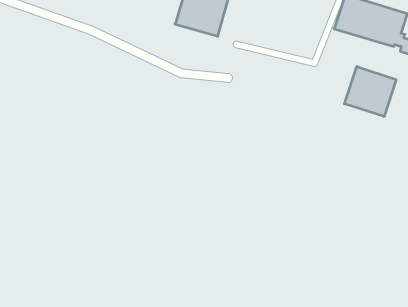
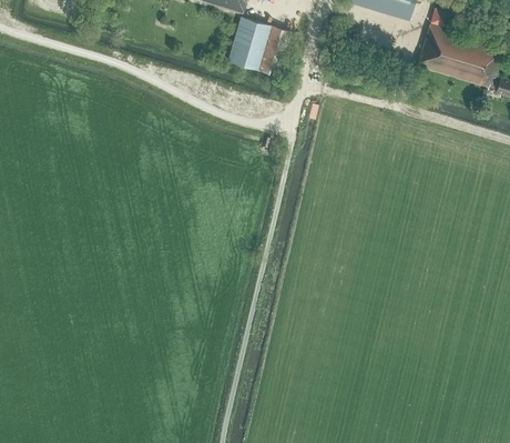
building: [344,66,396,117] -> none

